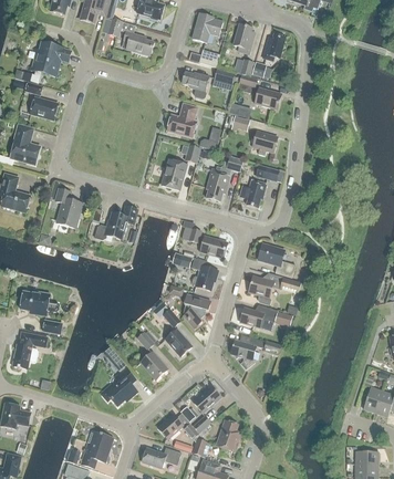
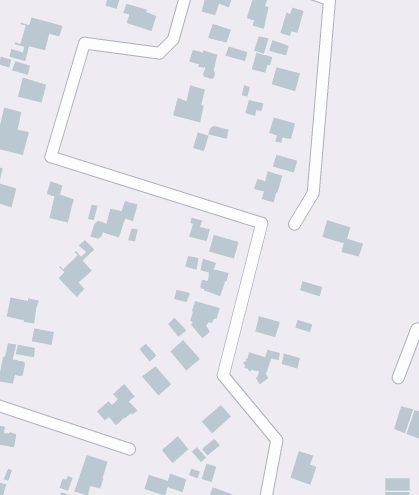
building: [206,156,242,200] -> none
building: [162,158,187,189] -> none
building: none -> [58,239,95,298]
building: [258,242,295,275] -> [322,220,364,257]
building: [248,274,273,303] -> none
building: [216,419,241,450] -> [290,451,318,485]

